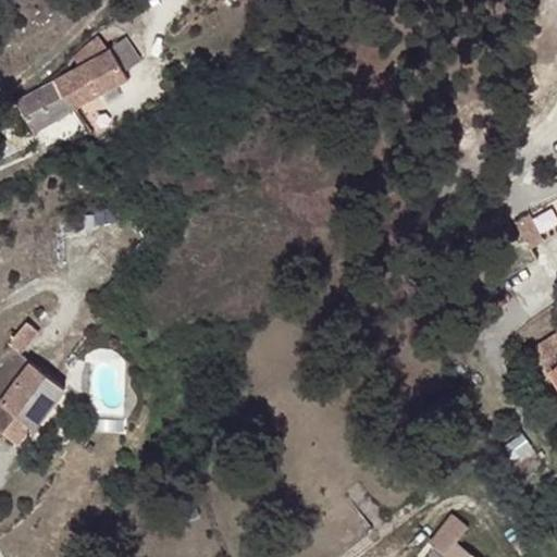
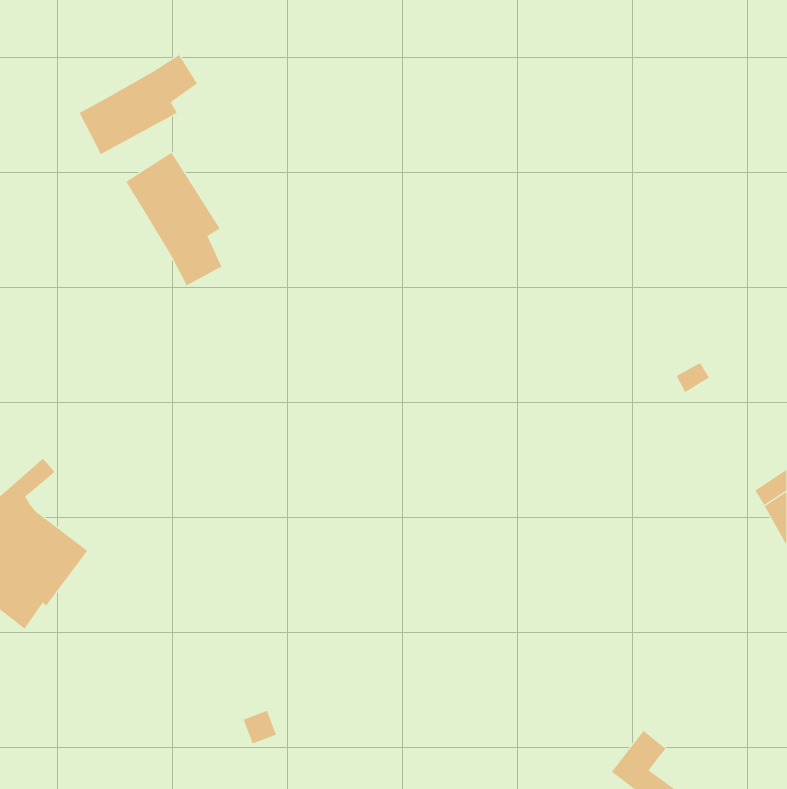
building: [16,81,71,132] -> none
building: none -> [125,152,222,286]

